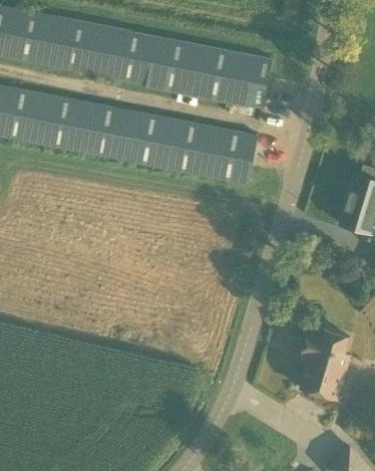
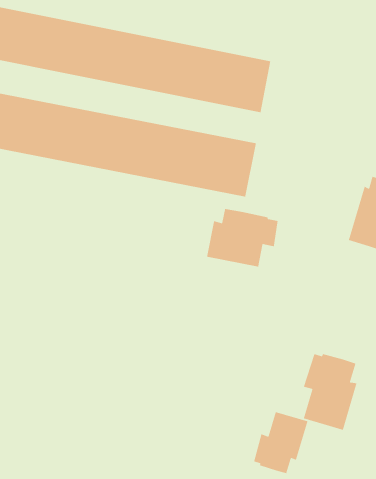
building: none -> [206,208,278,267]
building: none -> [253,411,308,474]

